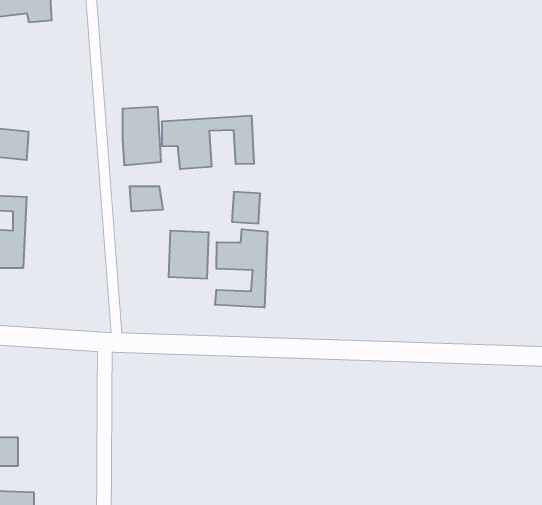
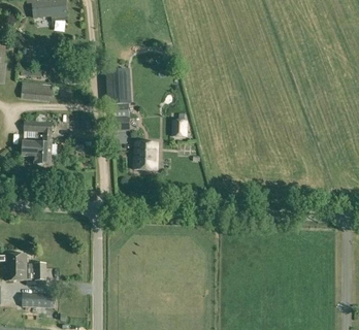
building: [162,116,254,169] -> none
building: [215,229,267,308] -> none

